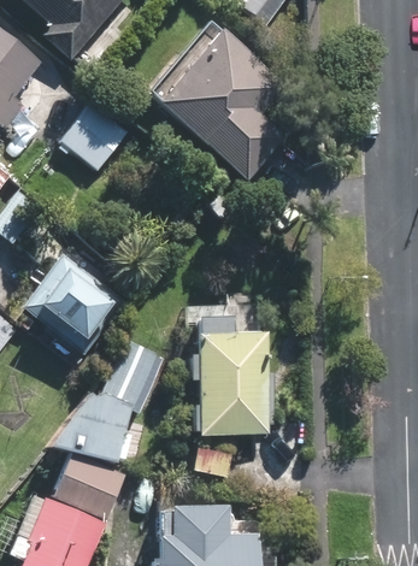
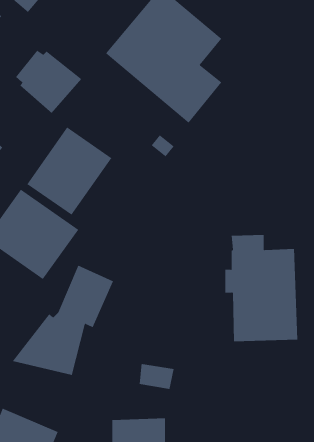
building: none -> [27,127,112,215]
building: [189,316,271,435] -> [224,235,298,342]
building: [53,452,124,517] -> none

